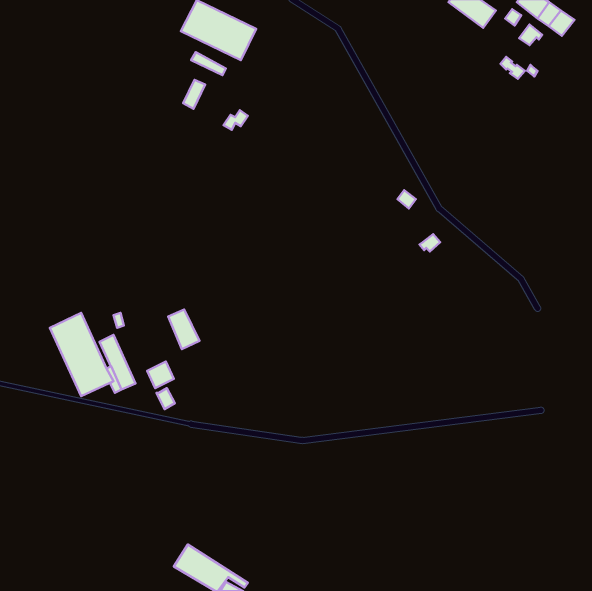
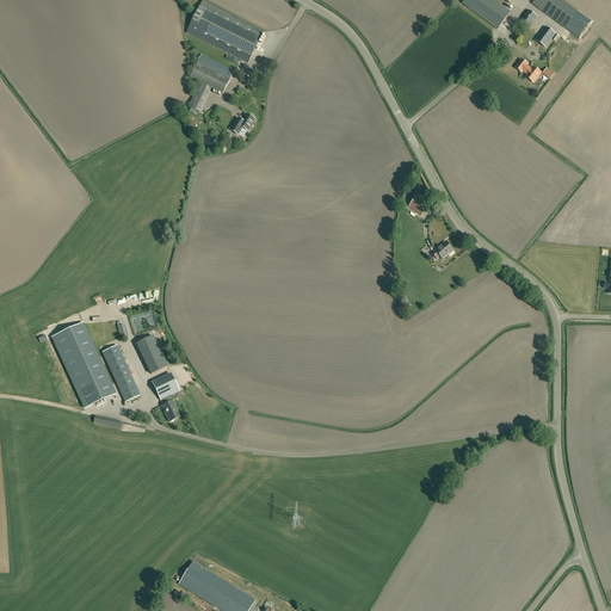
building: none -> [190,62,229,93]
building: [168,310,199,349] -> [136,334,168,375]

